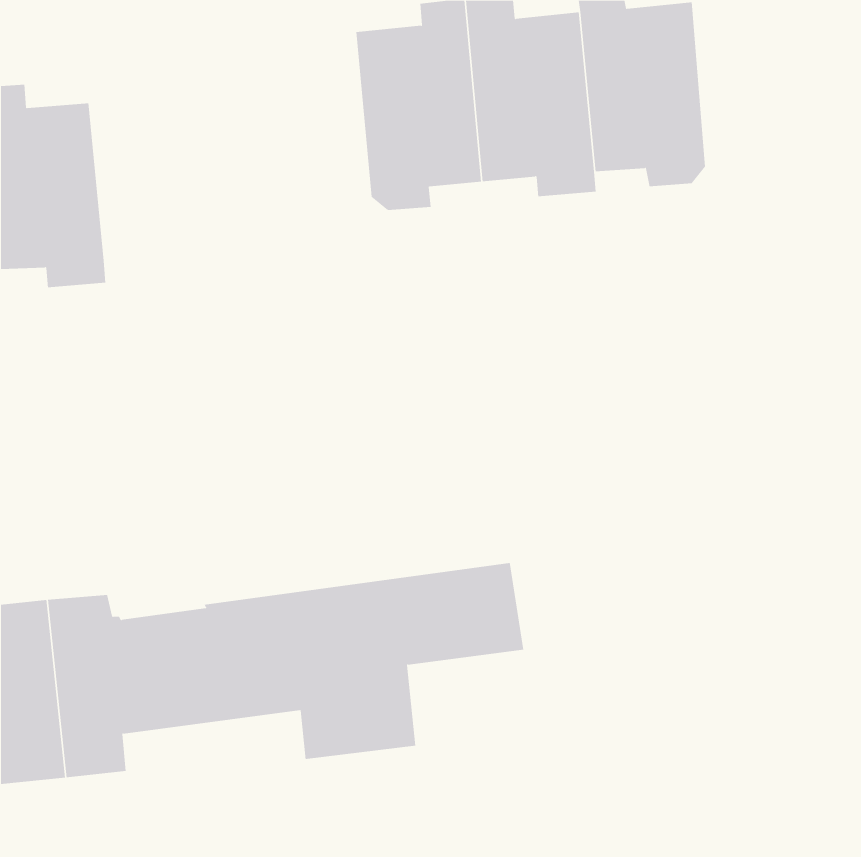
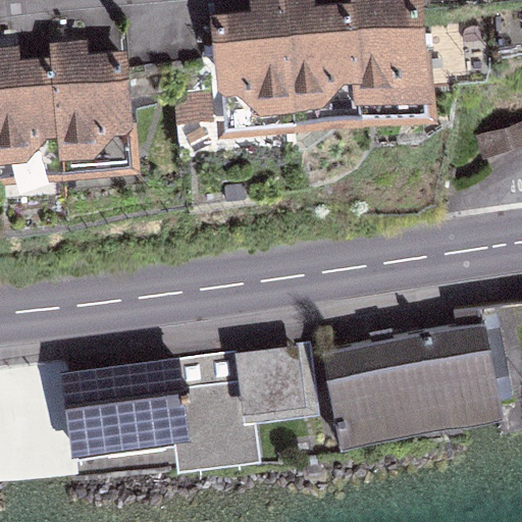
building: none -> [53,47,132,170]
building: none -> [324,320,513,446]

